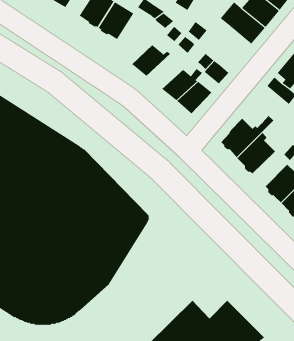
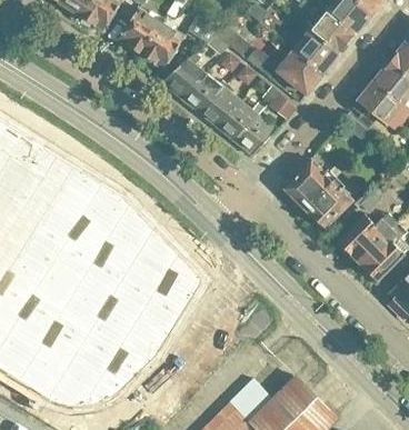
building: none -> [277,51,322,96]
building: none -> [161,54,204,98]
building: none -> [198,86,241,127]

